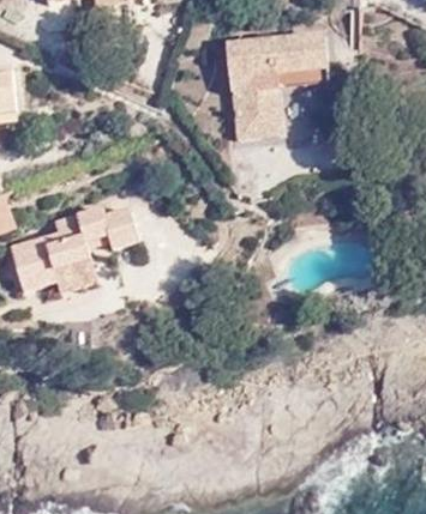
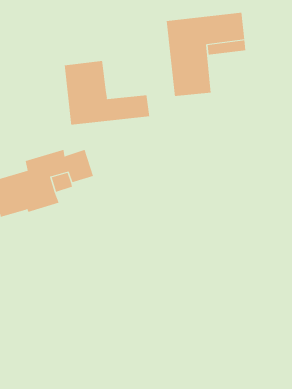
building: none -> [64,60,150,126]

